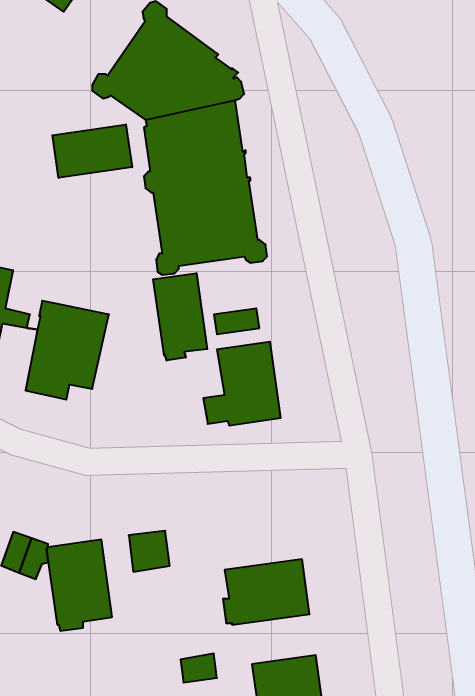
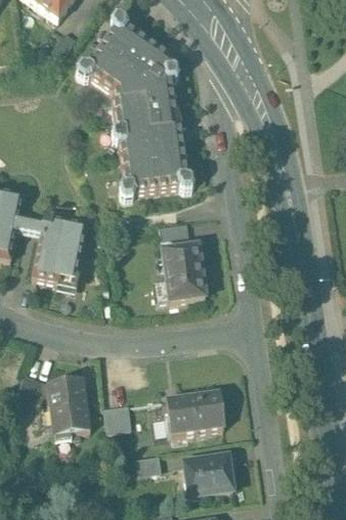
building: [52,124,132,178] -> none
building: [153,273,207,361] -> none
building: [129,531,170,572] -> [104,402,132,430]

